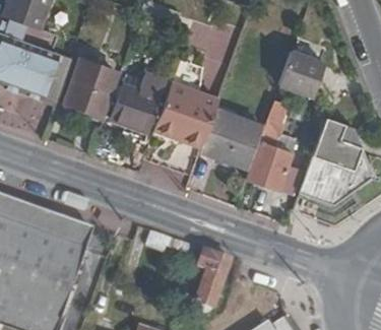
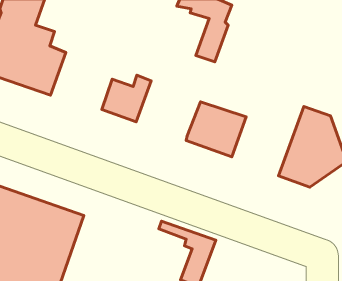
building: [278,49,328,101] -> none
building: [66,71,114,113] -> none
building: [153,83,218,146] -> none
building: [245,100,293,189] -> none

